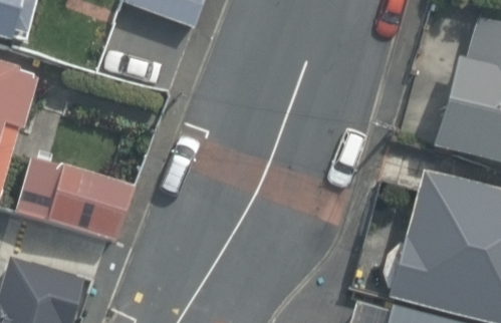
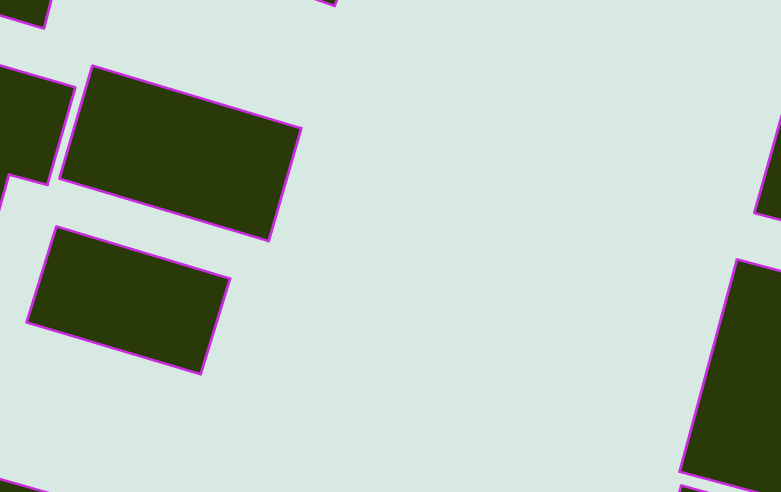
building: none -> [60,66,301,241]

